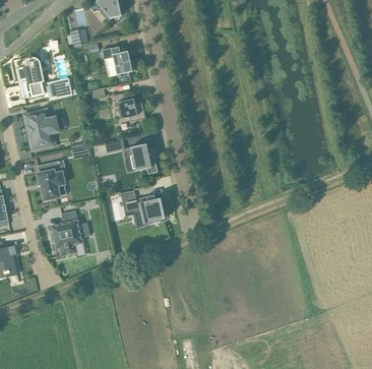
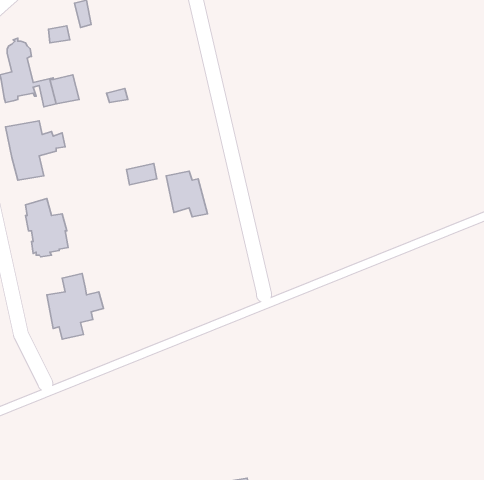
building: [101,46,135,77] -> none
building: [113,93,145,121] -> none
building: [120,190,167,222] -> none

